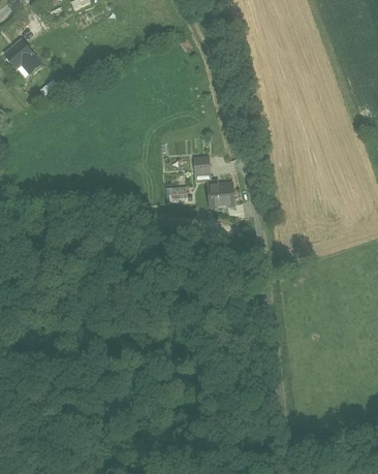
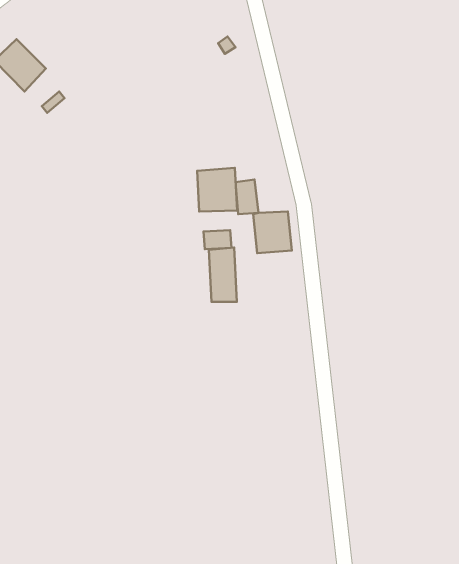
building: none -> [197,168,237,212]
building: none -> [209,247,237,302]

